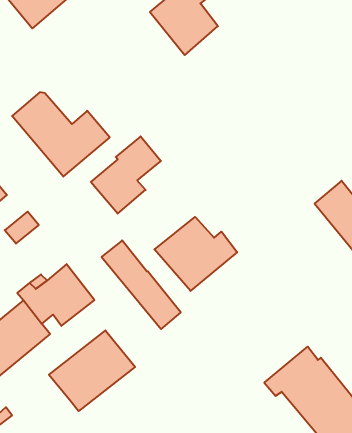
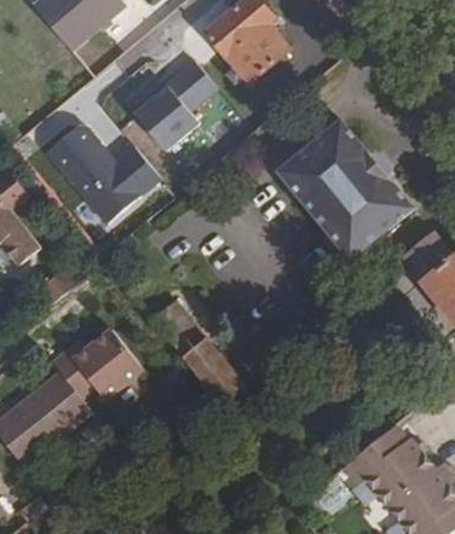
building: none -> [280,121,413,259]
building: [91,136,161,214] -> [134,60,217,151]
building: [154,217,237,291] -> none
building: [49,330,135,411] -> none

